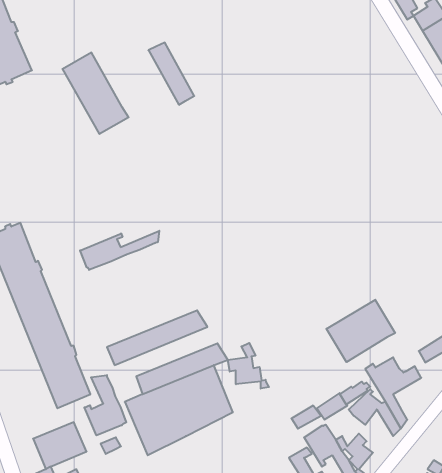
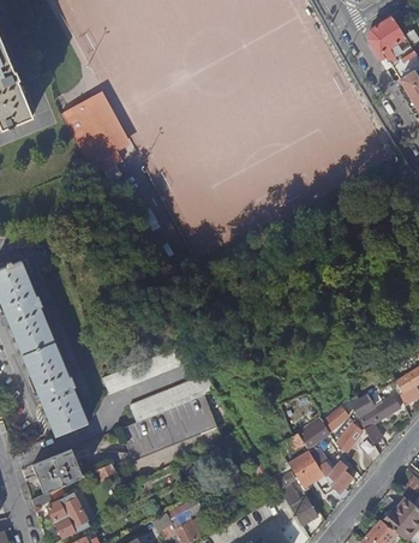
building: [148,43,194,105] -> [88,91,131,150]
building: [80,231,159,270] -> none
building: [326,300,395,362] -> none
building: [228,343,269,389] -> none
building: [84,375,126,435] -> none

